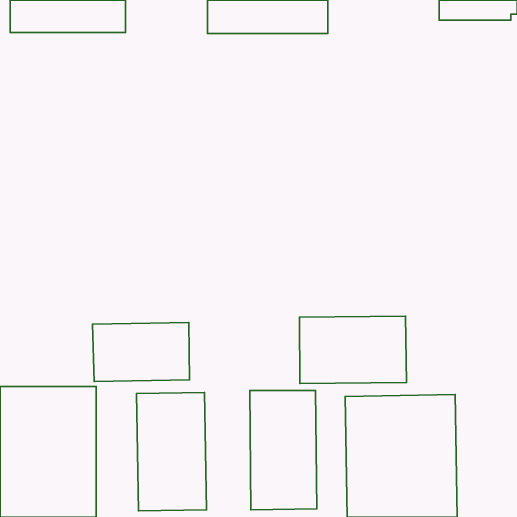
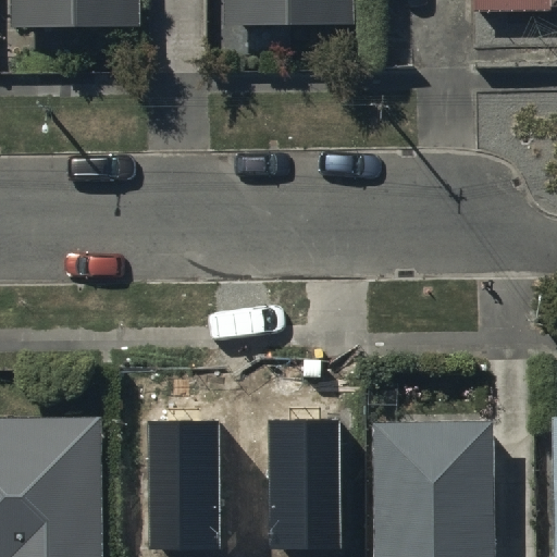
building: [300,316,407,383] -> none
building: [93,323,189,381] -> none

